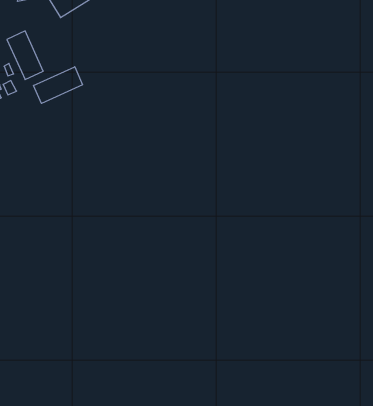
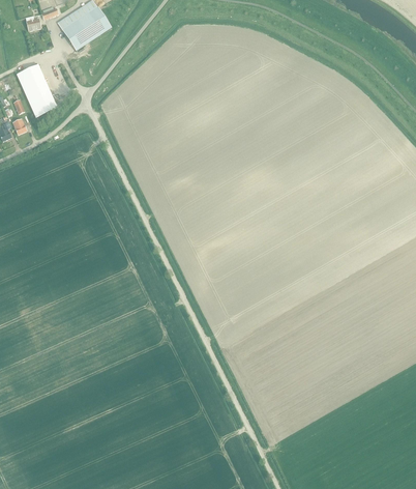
building: [34,67,83,103] -> none

